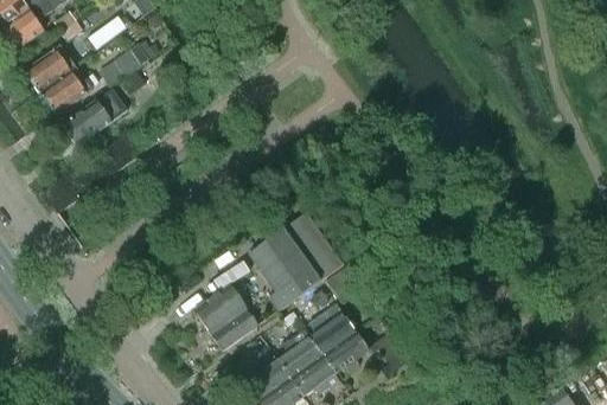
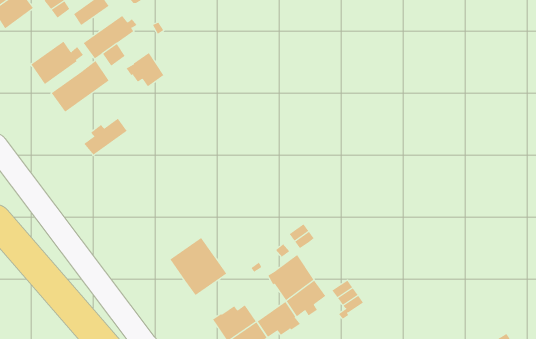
building: [25,45,77,94] -> none
building: none -> [126,52,164,87]
building: none -> [83,118,128,156]
building: [249,208,344,311] -> none
building: [279,330,324,379] -> none

